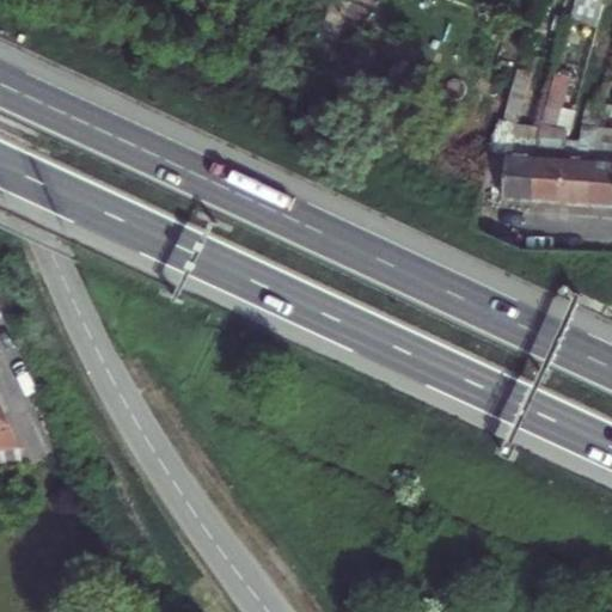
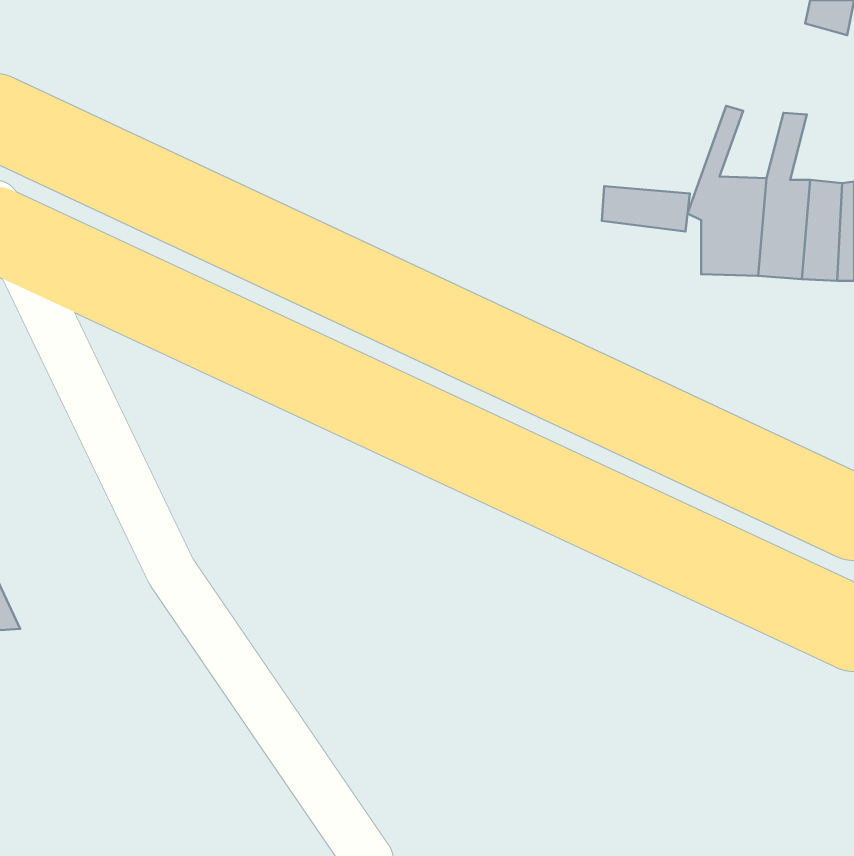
building: none -> [602,186,690,231]

